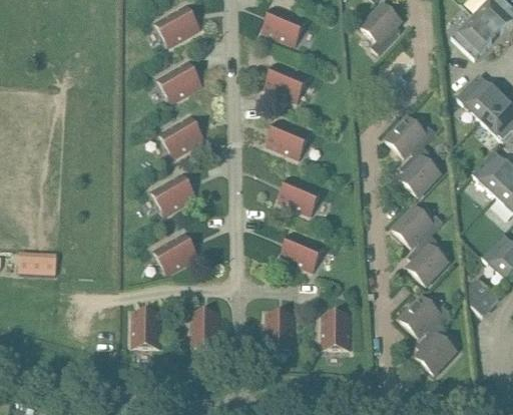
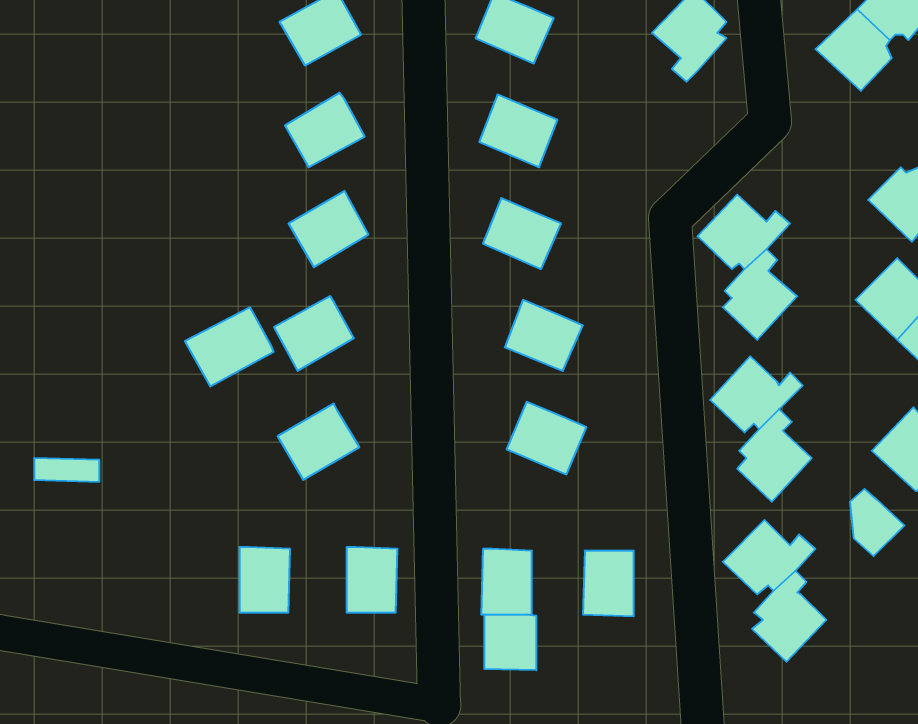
building: [456,74,497,119] -> none
building: none -> [185,307,274,387]
building: none -> [484,614,536,670]

